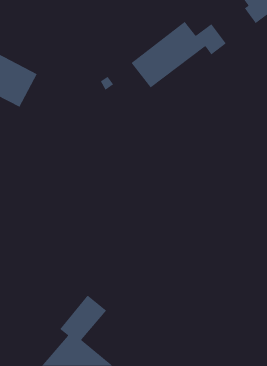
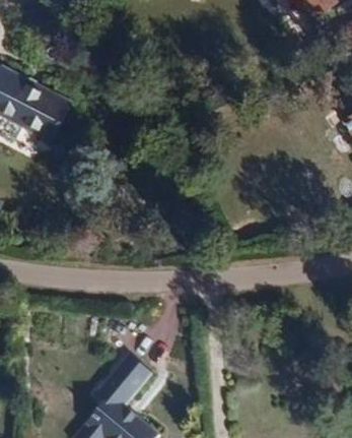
building: [130,21,227,88] -> none

